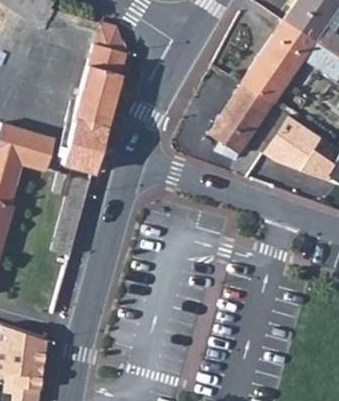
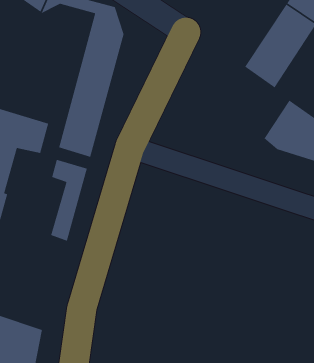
building: [209,84,273,154] -> none

